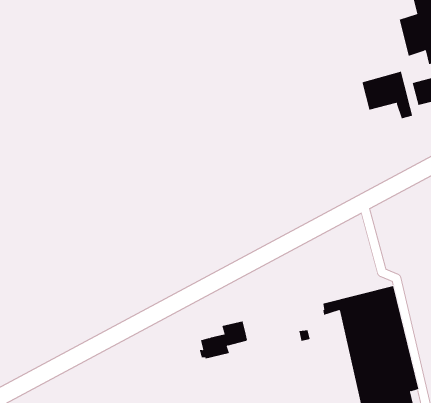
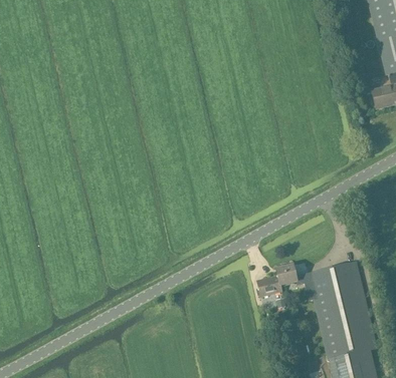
building: [362,71,413,119] -> none
building: [199,321,248,359] -> [256,265,298,297]

